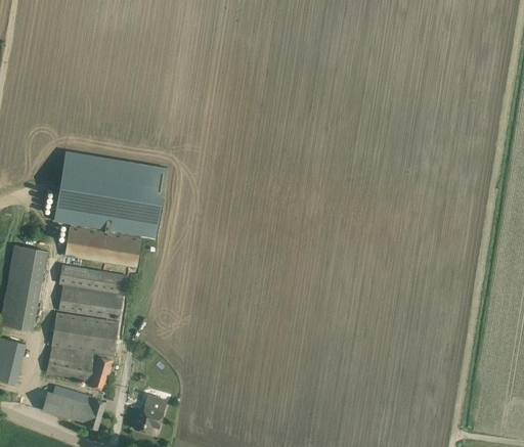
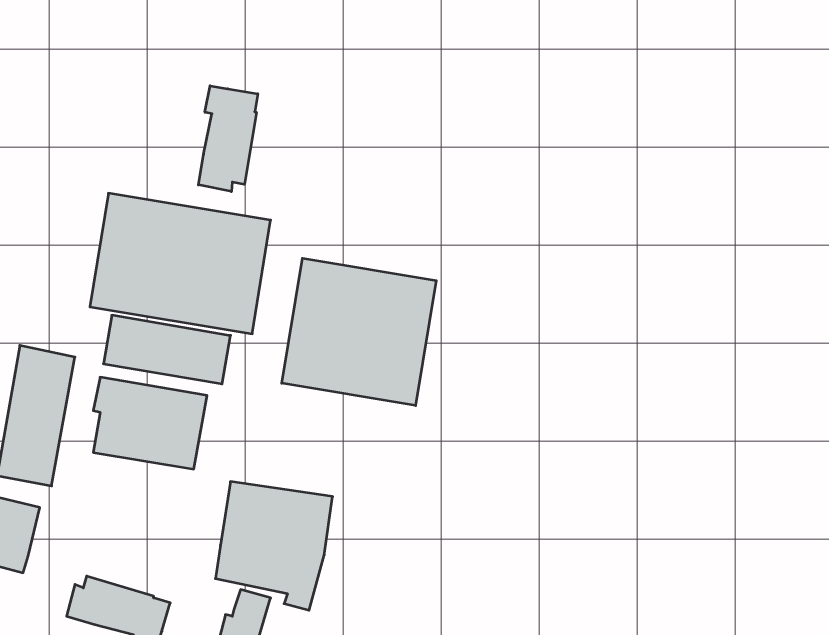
building: none -> [198,86,258,192]
building: none -> [282,258,436,406]
building: [47,313,119,392] -> [215,482,333,610]

